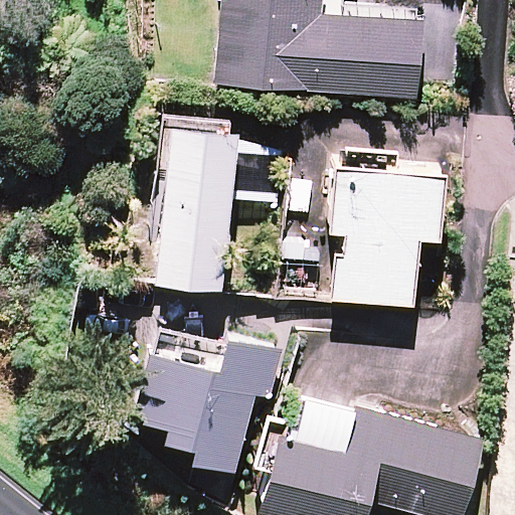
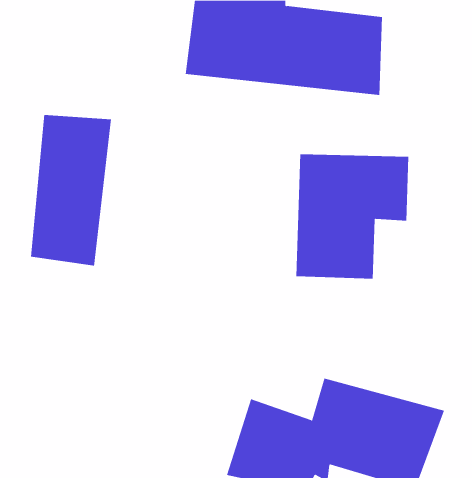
building: [155,128,242,291] -> [30,114,112,266]
building: [125,332,285,478] -> none

